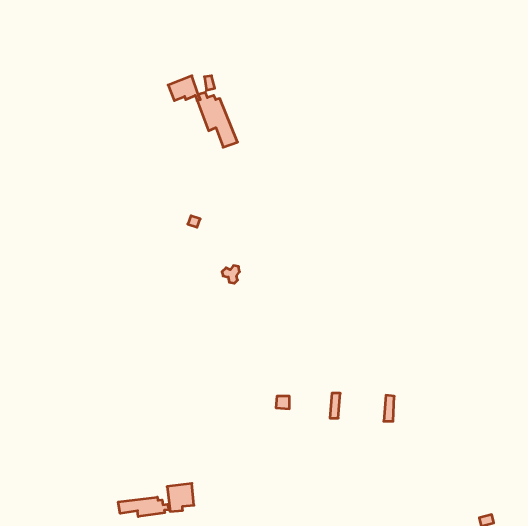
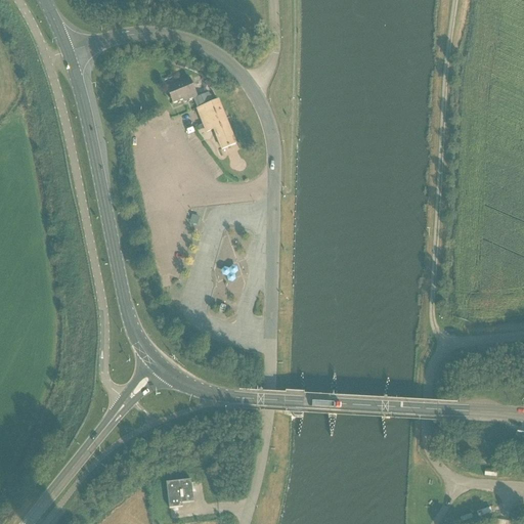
building: [118,497,169,517] -> none

